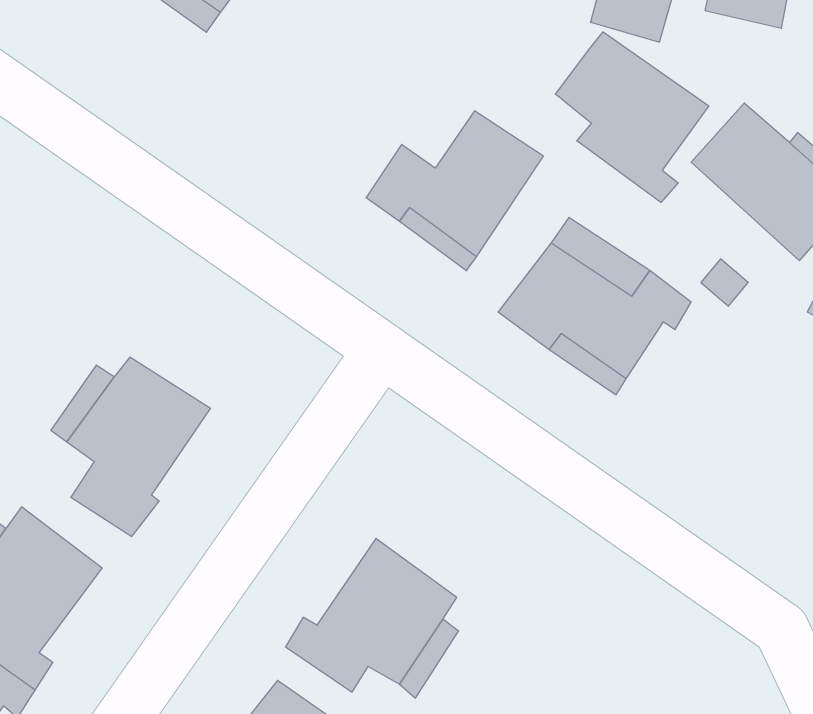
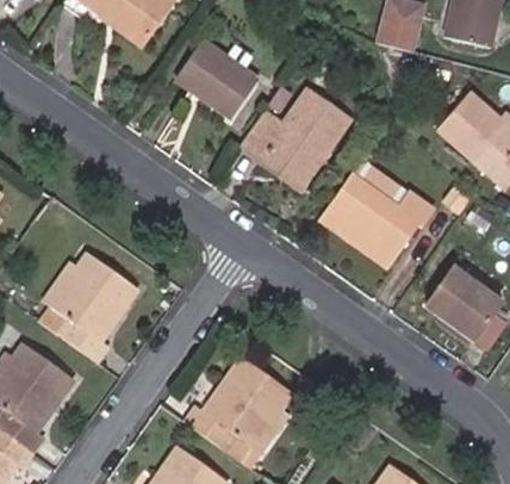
building: none -> [172,42,251,118]
building: [555,32,709,202] -> none
building: none -> [422,267,495,337]

